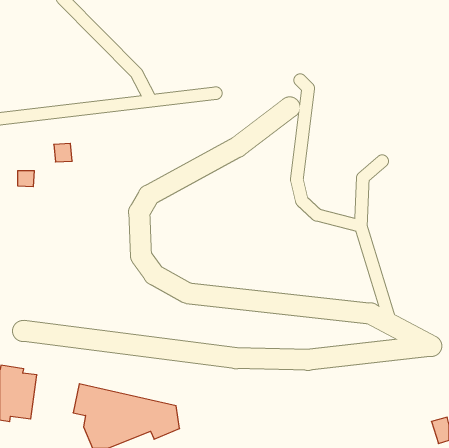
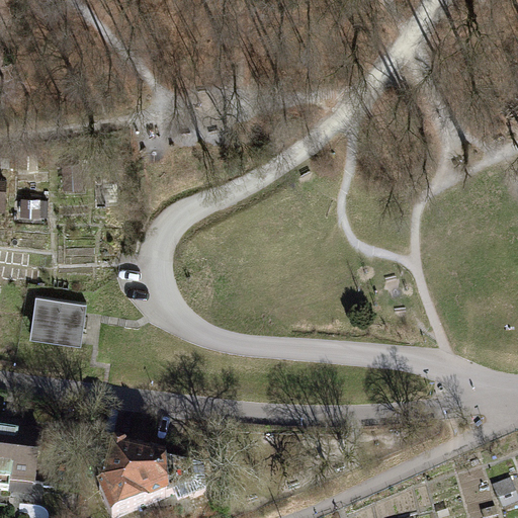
building: none -> [29,293,86,342]

